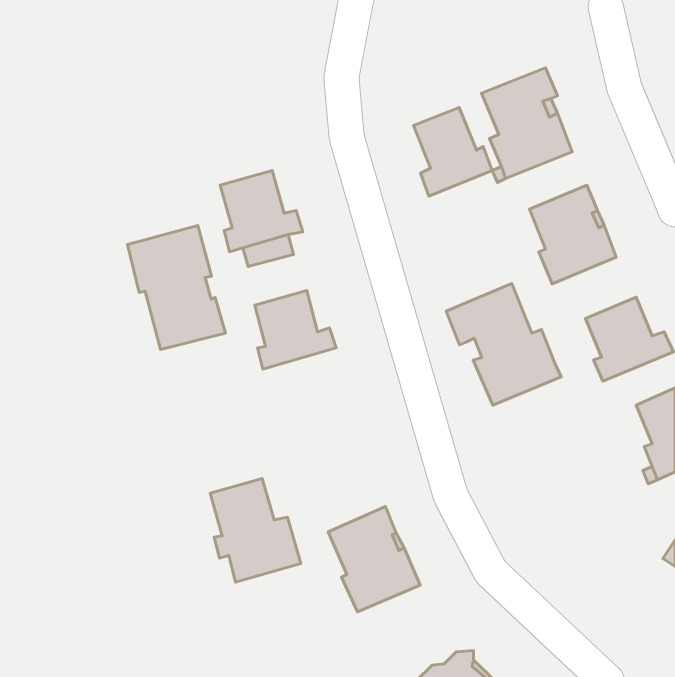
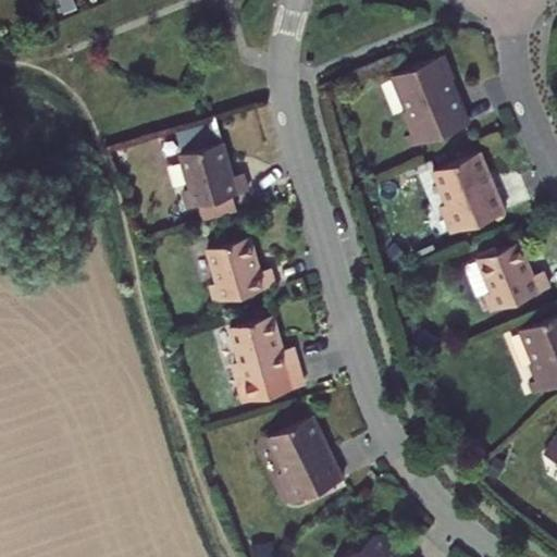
building: [413,107,492,196] -> none
building: [127,226,226,349] -> none
building: [446,284,561,405] -> none
building: [210,478,301,582] -> [230,317,304,401]

